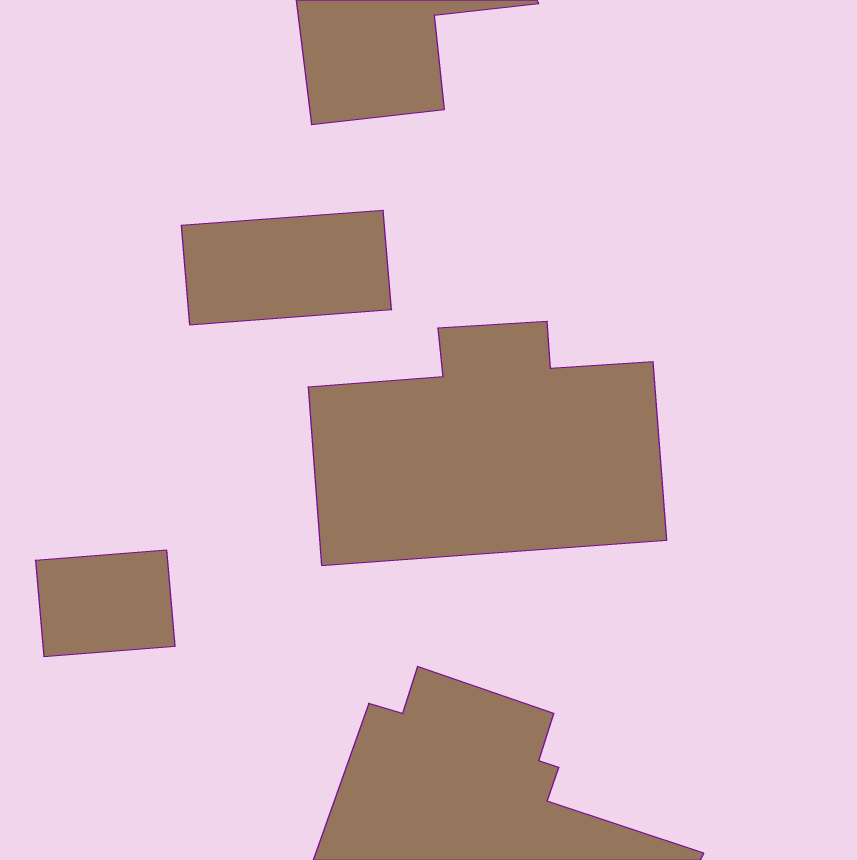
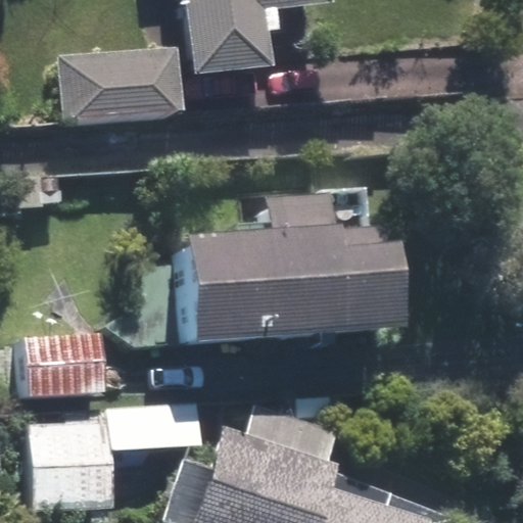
building: [181,210,392,325] -> [57,48,185,117]
building: none -> [26,405,201,513]

